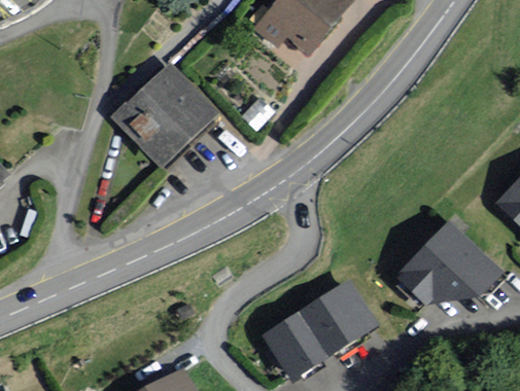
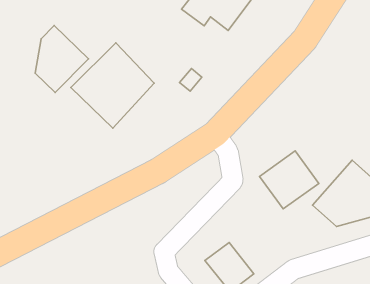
building: none -> [35,25,89,92]
building: [303,282,375,352] -> [259,151,319,209]

